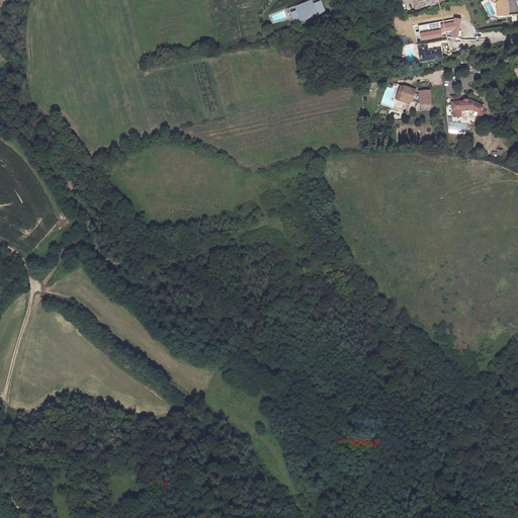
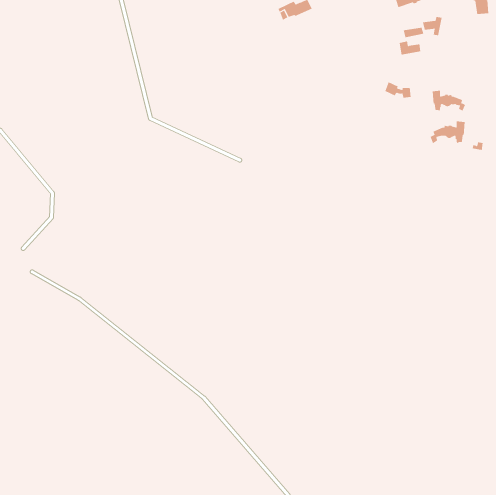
building: none -> [430,120,465,144]

